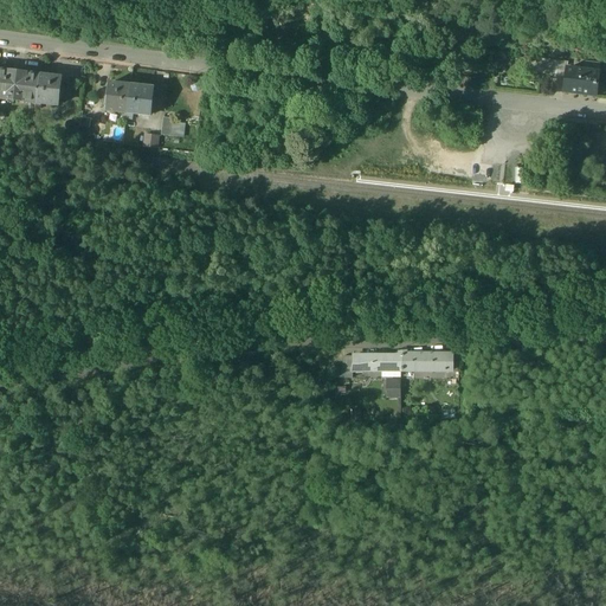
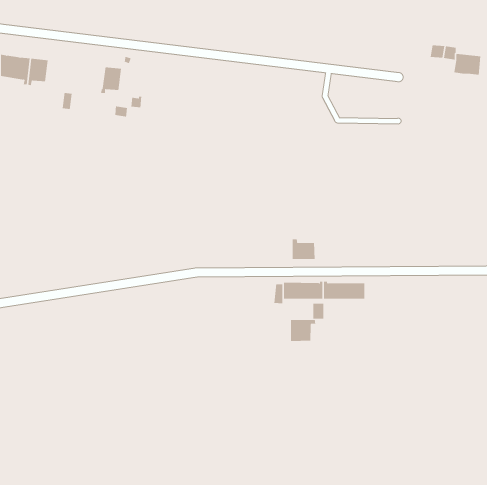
building: [104,80,130,116] -> none
building: none -> [292,239,315,260]
building: none -> [290,319,316,342]

